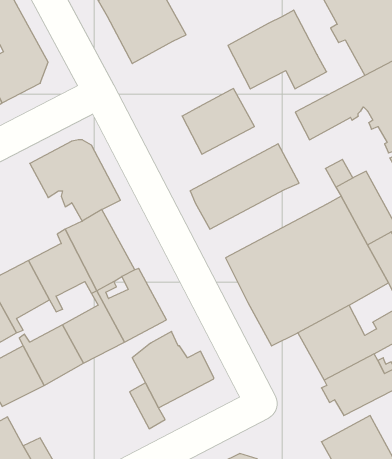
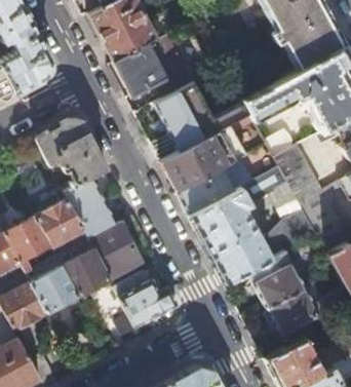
building: [228,10,327,89] -> [115,33,192,94]
building: none -> [176,159,238,212]

